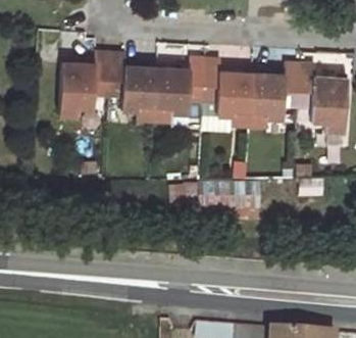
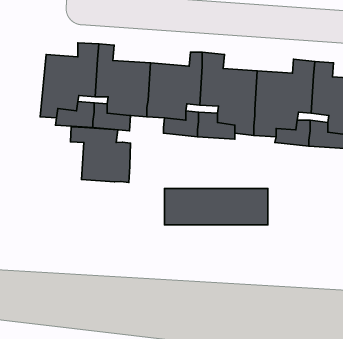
building: none -> [71,127,131,183]

